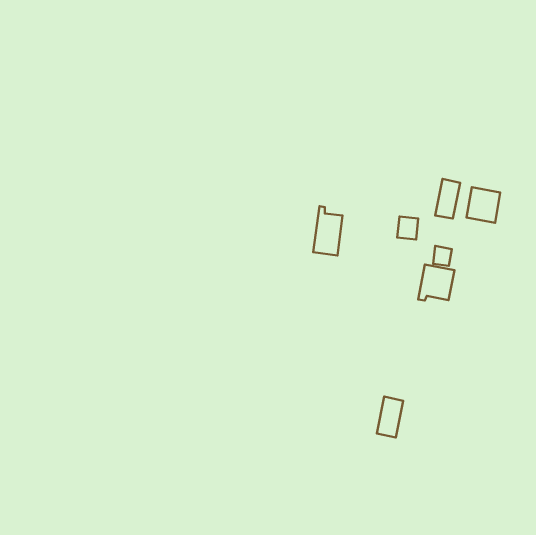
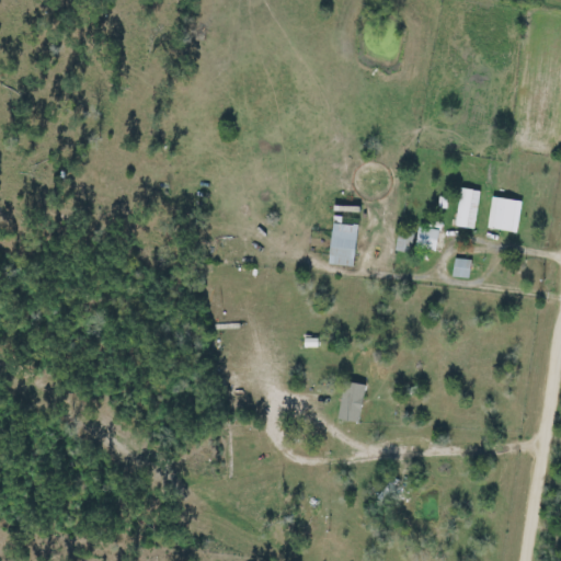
building: [418,264,455,300] -> none
building: [377,397,403,438] -> [337,380,365,423]

